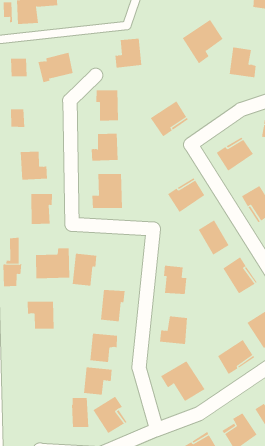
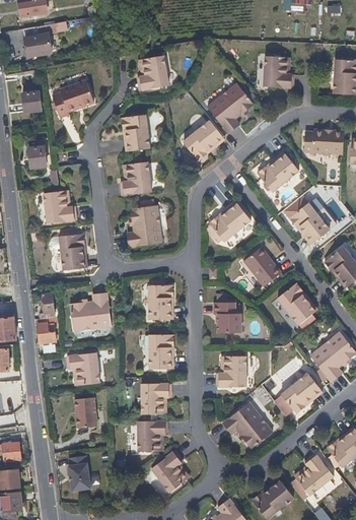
building: [182,19,223,64] -> [205,82,251,133]
building: [72,253,97,286] -> [149,285,173,320]
building: none -> [74,398,97,430]
building: [71,398,89,428] -> [69,457,91,492]

